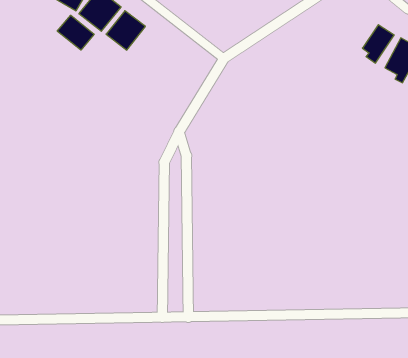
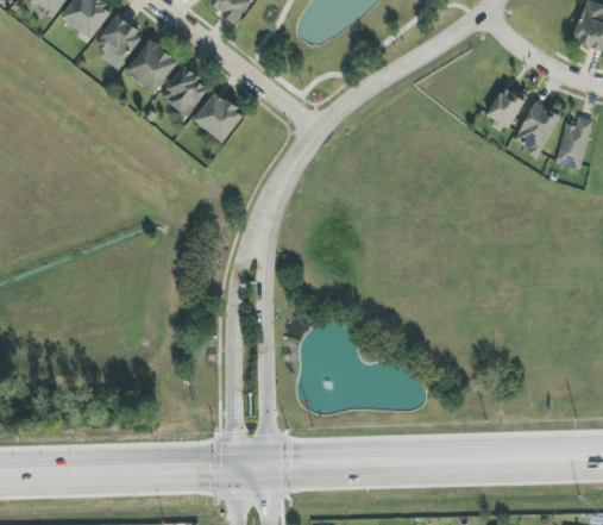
building: [57,15,94,50] -> none
building: none -> [193,92,243,142]

